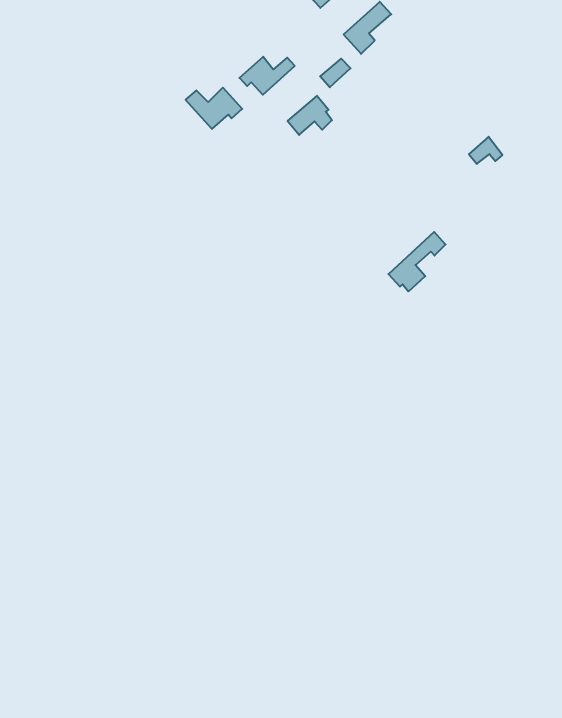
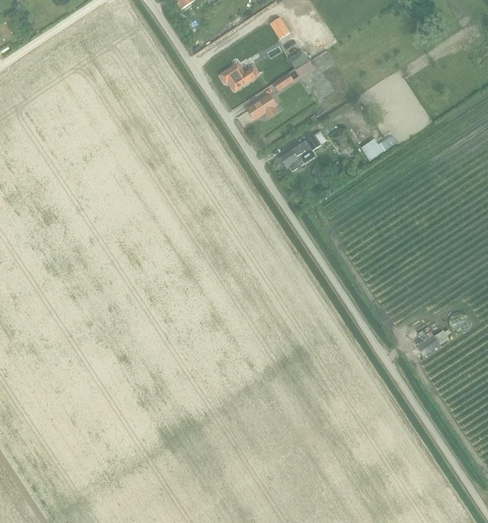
building: [186,88,242,129] -> none
building: [388,232,446,291] -> [279,134,319,170]

